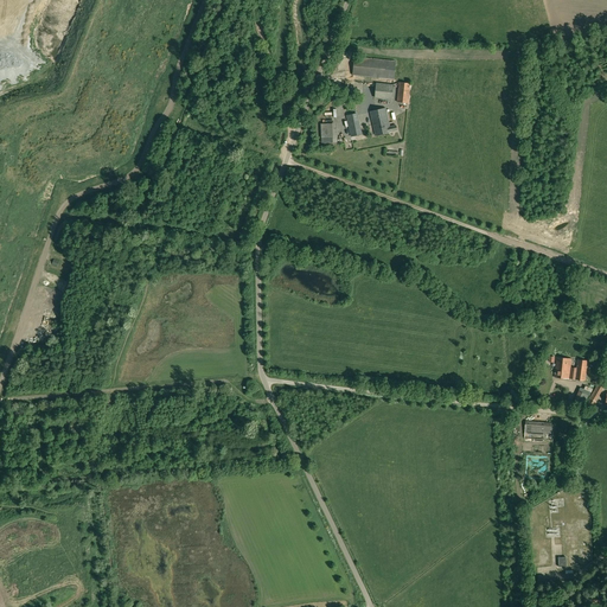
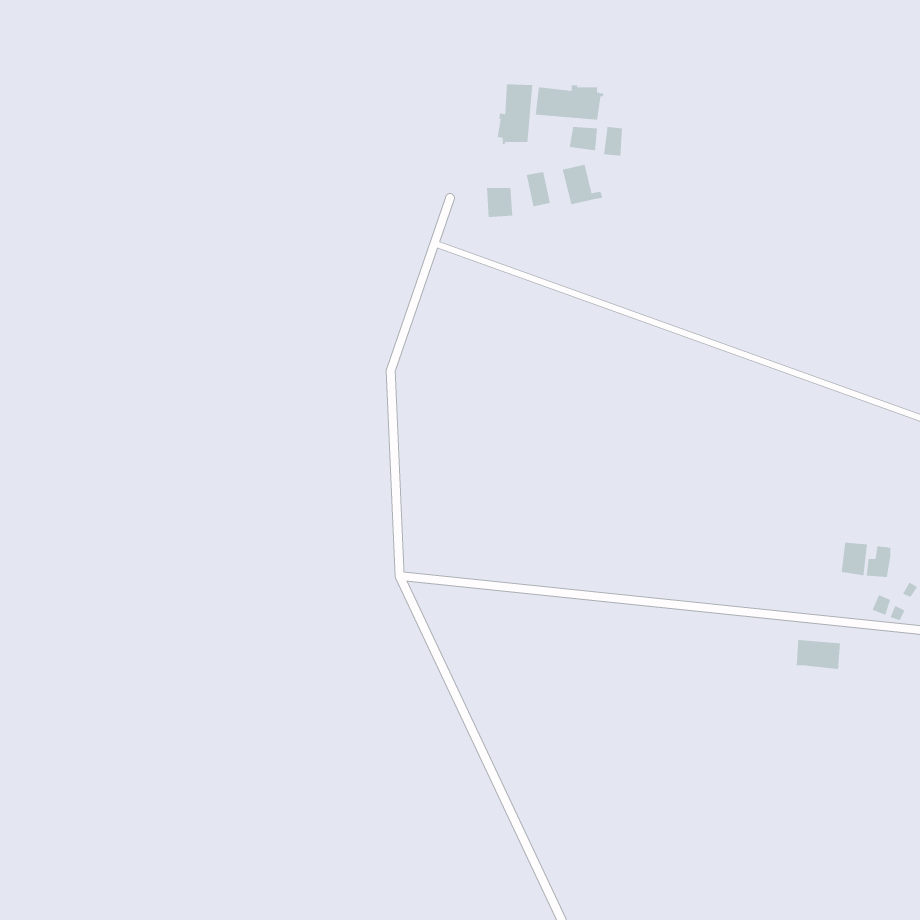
building: none -> [497,83,533,145]

